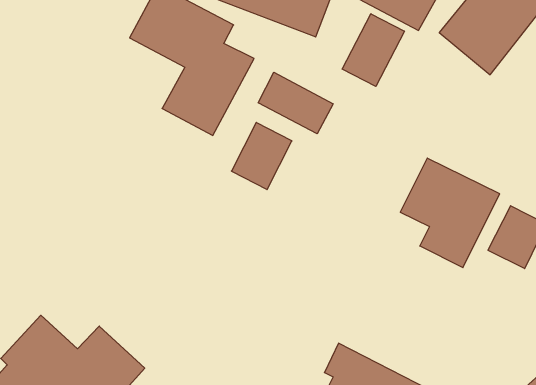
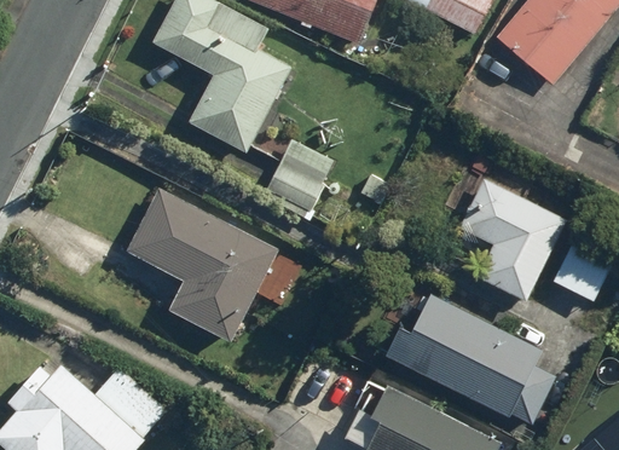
building: [342,14,404,86] -> none
building: [258,72,333,134] -> none
building: none -> [127,189,277,341]
building: none -> [382,287,543,417]

